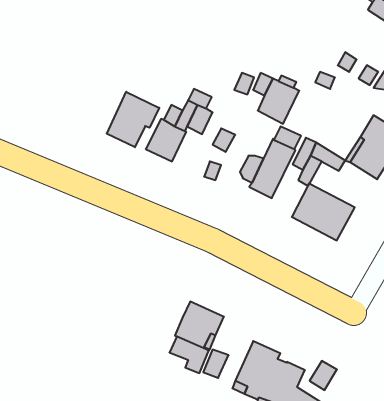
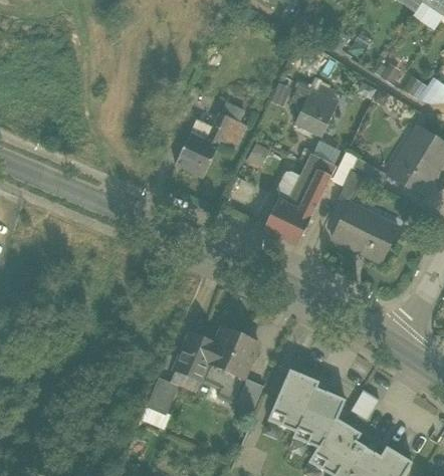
building: [107,92,159,147] -> none
building: none -> [263,200,309,245]
building: none -> [174,332,214,381]
building: none -> [147,379,176,412]

